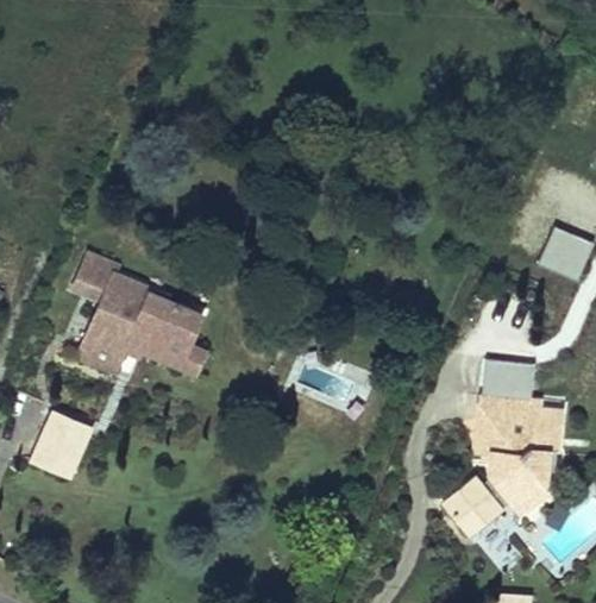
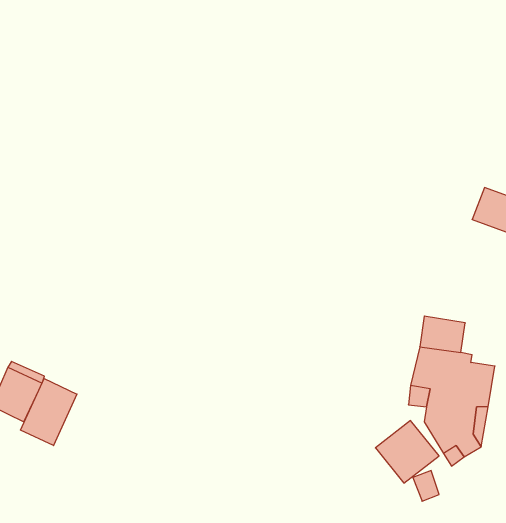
building: [79,252,200,373] -> none
building: none -> [21,379,77,446]

